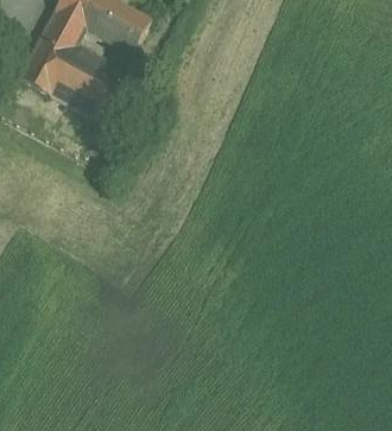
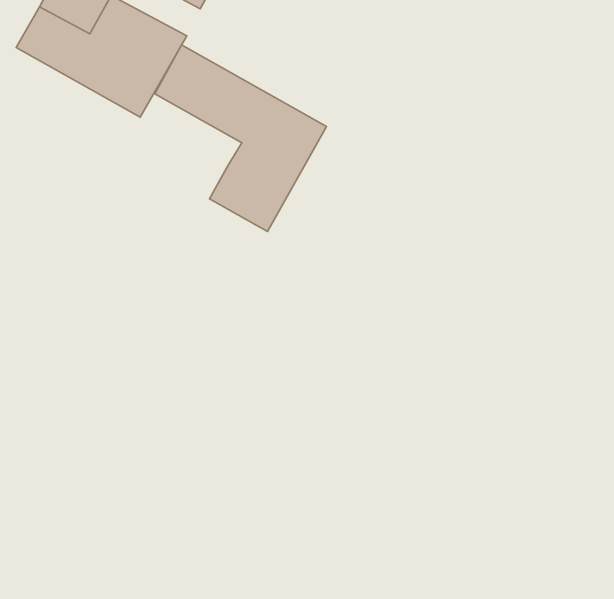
building: none -> [155,45,327,231]

